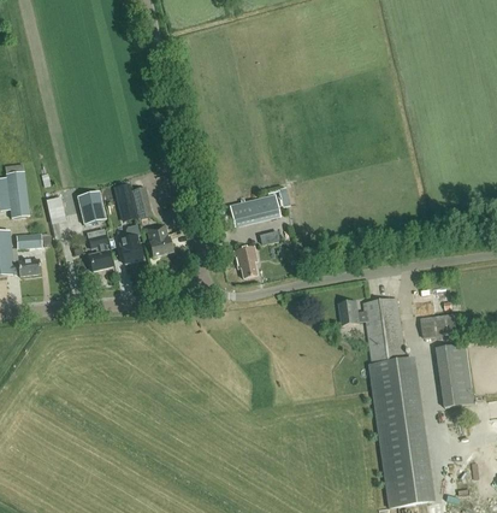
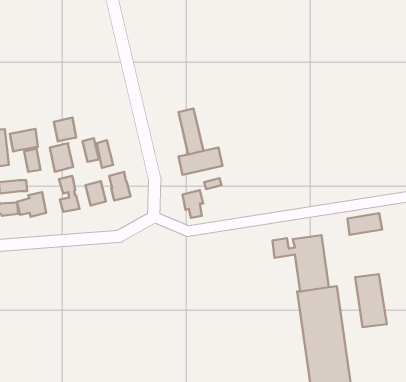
building: none -> [178,108,203,154]
building: none -> [54,118,76,142]
building: none -> [10,129,38,152]
building: none -> [17,192,46,217]
building: [420,312,461,337] -> [348,213,382,235]

